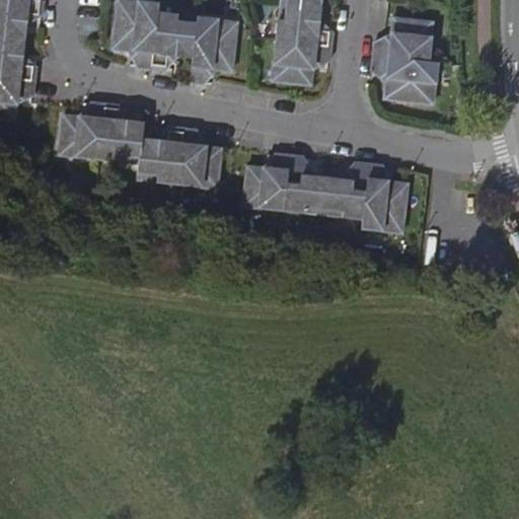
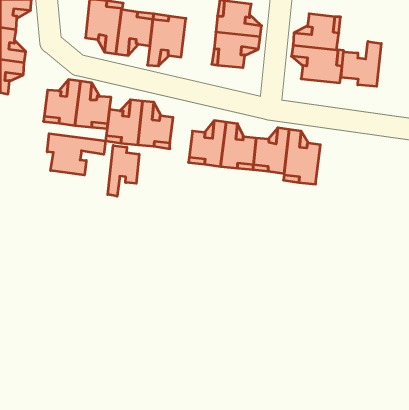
building: none -> [341,41,381,86]
building: none -> [47,134,105,175]
building: none -> [108,145,139,196]

